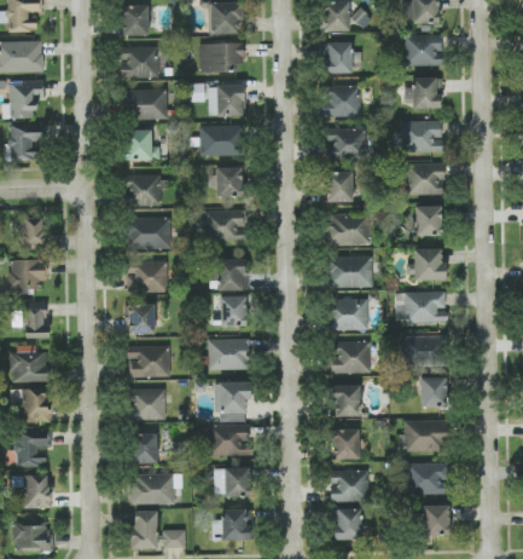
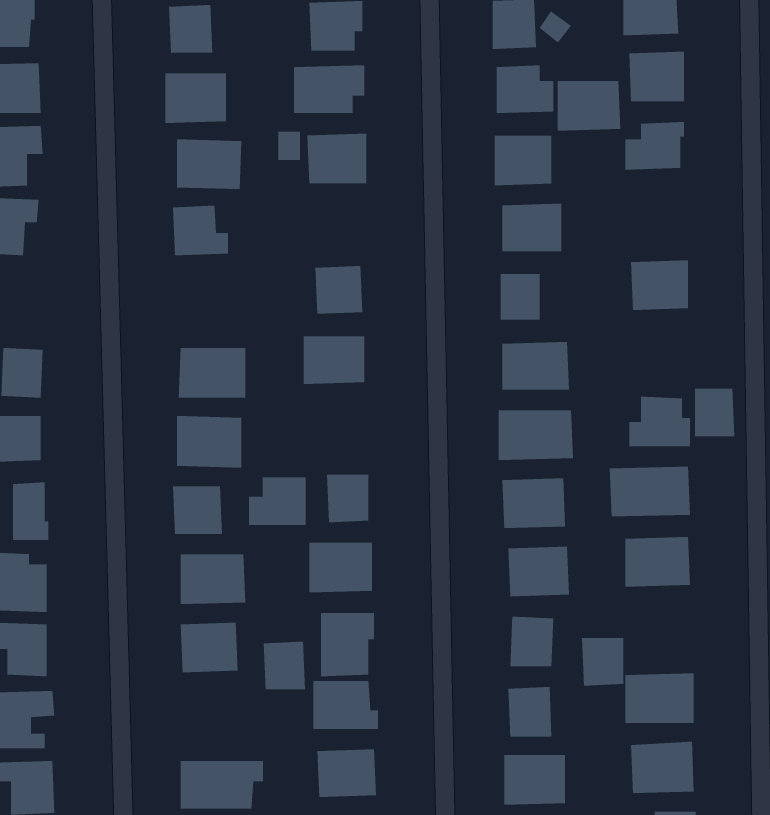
building: [402,121,442,152] -> [557,80,621,131]
building: [199,125,243,156] -> none
building: [126,174,162,206] -> none
building: [417,206,442,236] -> [694,388,735,437]
building: [210,260,246,290] -> [248,477,307,525]
building: [420,378,447,408] -> [581,638,624,686]
building: [132,433,158,463] -> [263,641,306,690]

